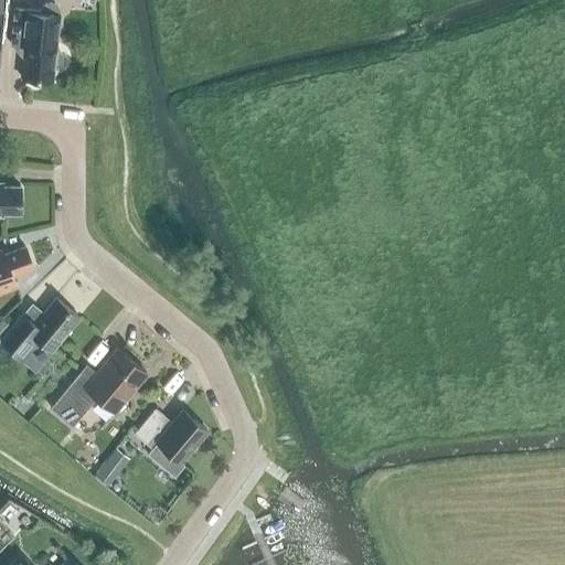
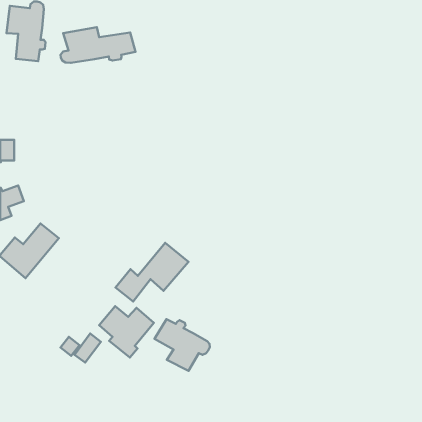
building: none -> [60,27,136,63]
building: [50,350,147,428] -> [116,243,188,301]
building: none -> [154,319,210,371]

